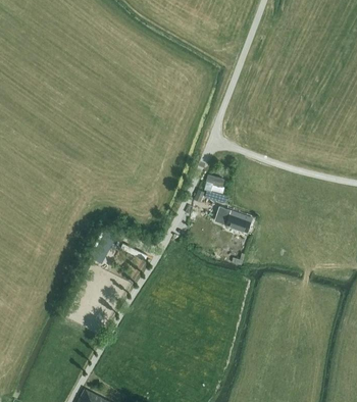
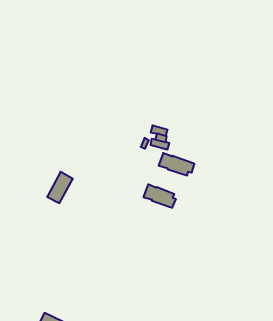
building: none -> [144,184,176,208]

